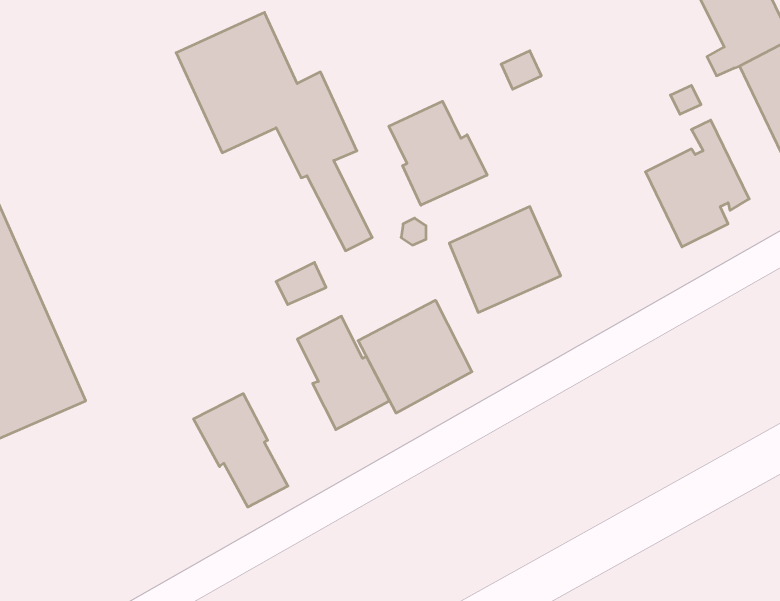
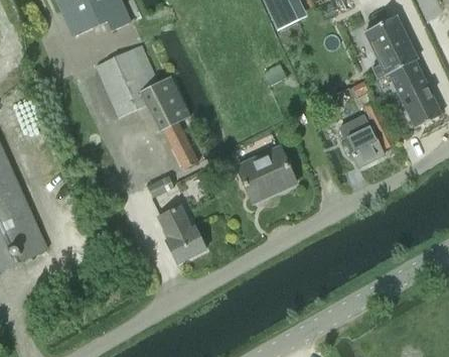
building: [389,101,487,205] -> none
building: [358,300,472,413] -> none
building: [194,394,288,507] -> none

